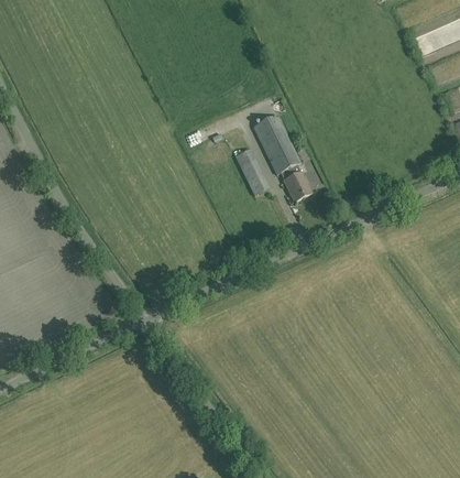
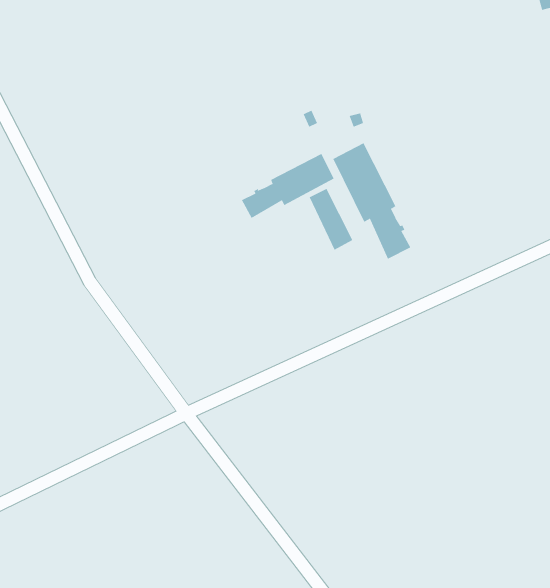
building: none -> [241,153,335,219]

